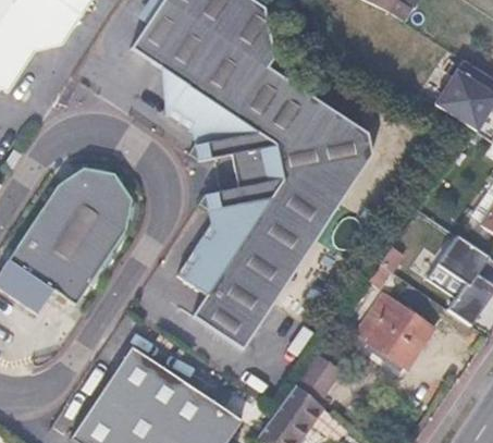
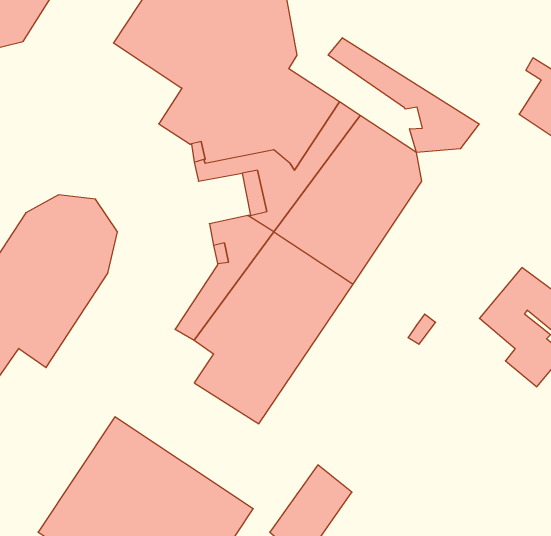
building: none -> [328,38,479,152]
building: [354,293,432,368] -> none
building: [292,354,335,401] -> none

